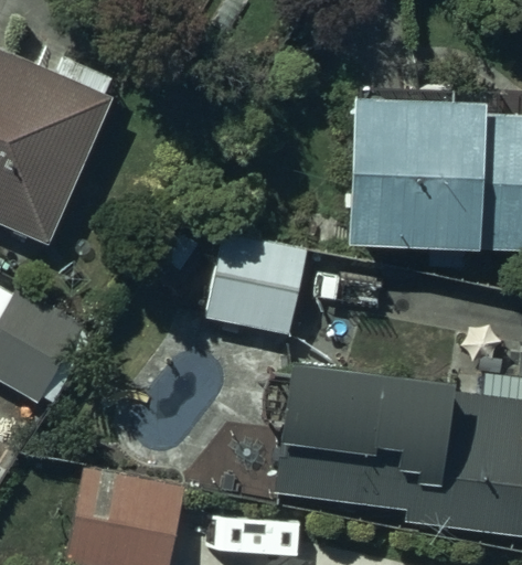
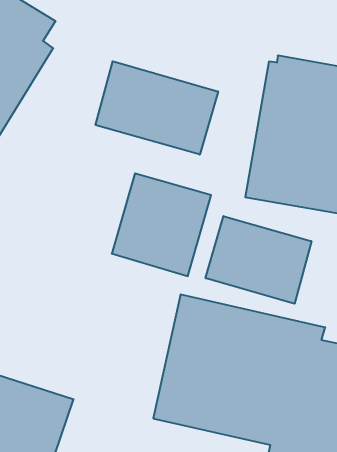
building: none -> [96,61,218,155]
building: none -> [206,216,311,304]

